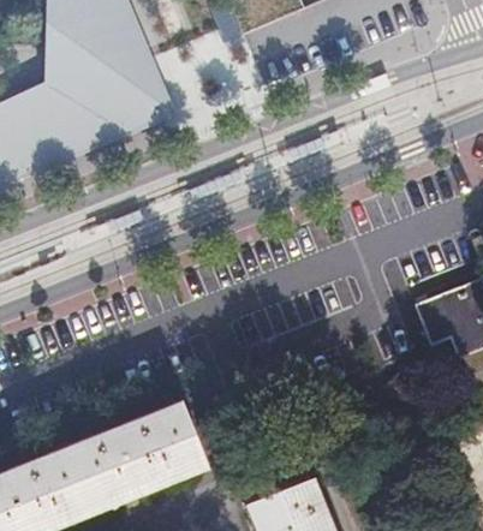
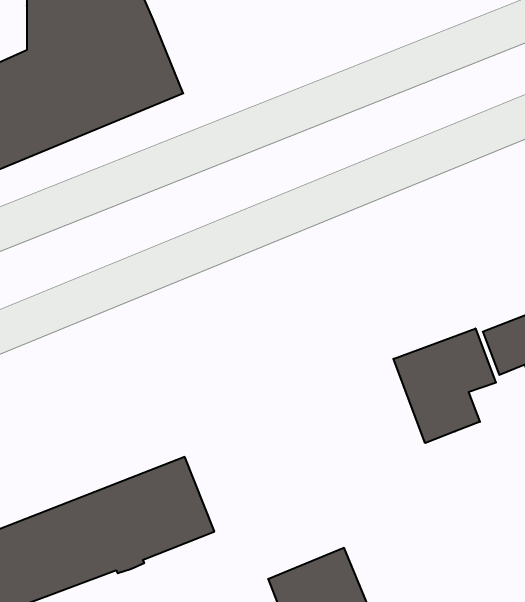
building: none -> [393,328,496,443]

